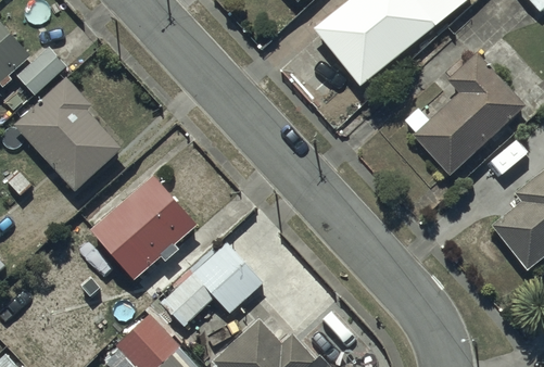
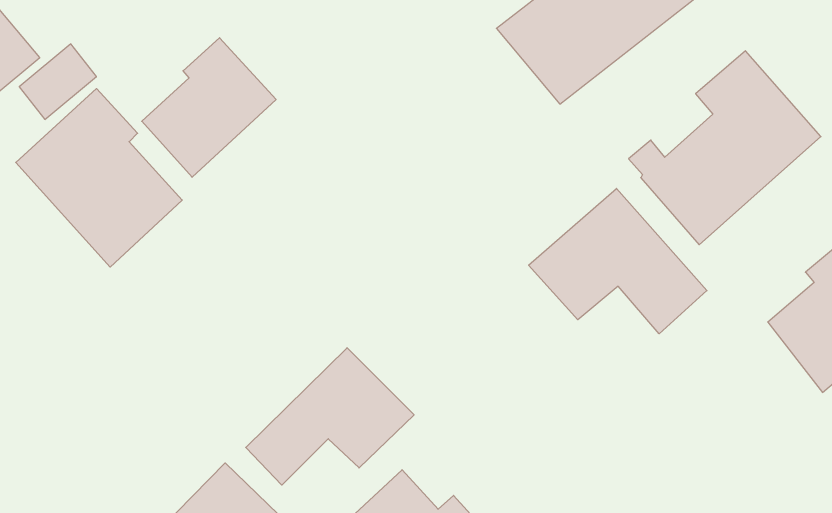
building: none -> [142,38,276,177]
building: none -> [529,188,707,334]
building: [90,173,198,278] -> none

